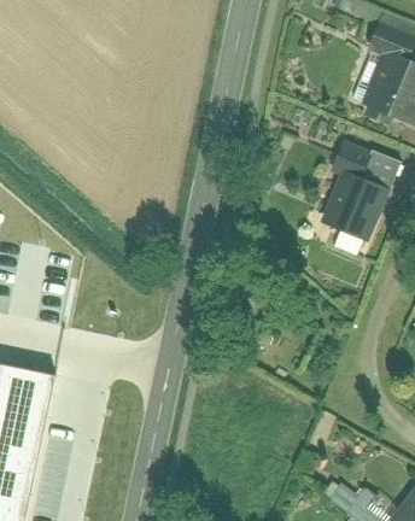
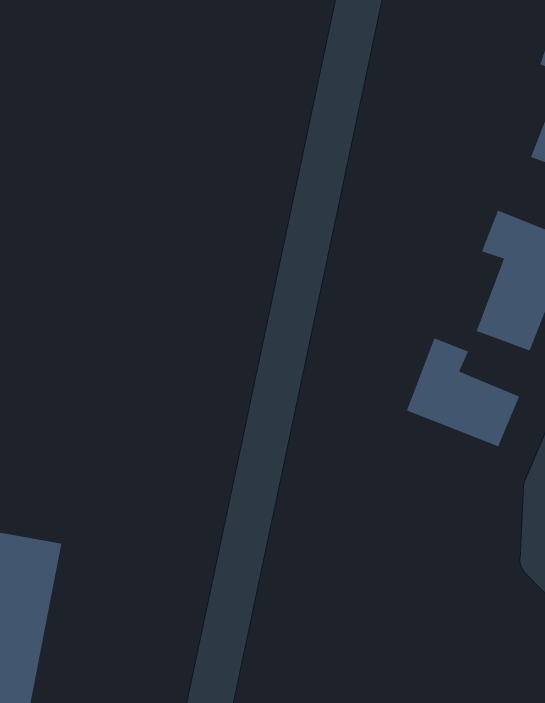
building: none -> [406,338,520,447]

